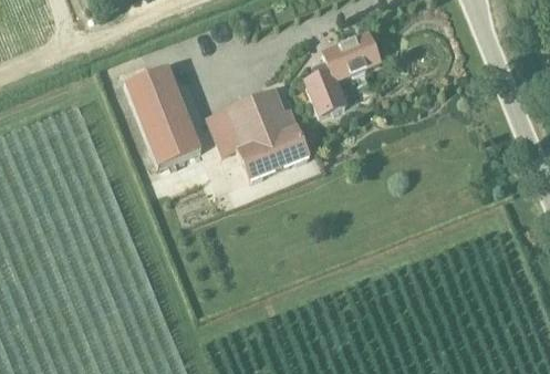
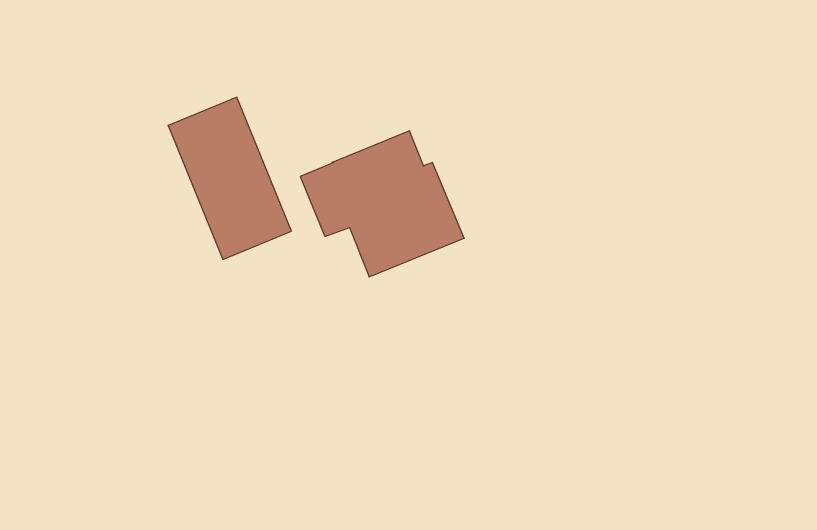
building: [303,32,380,108] -> none

